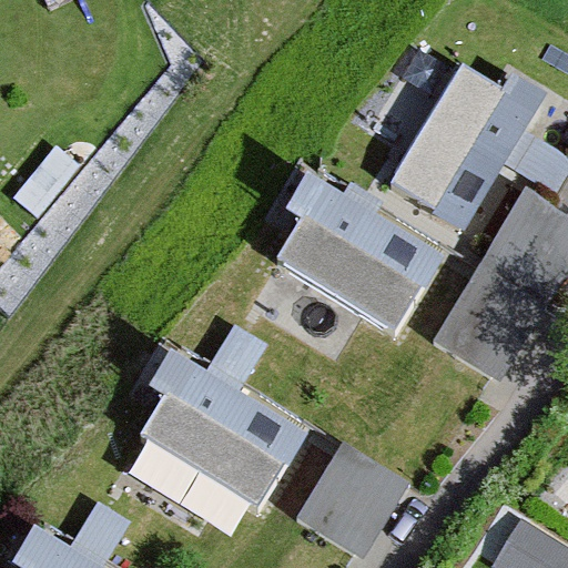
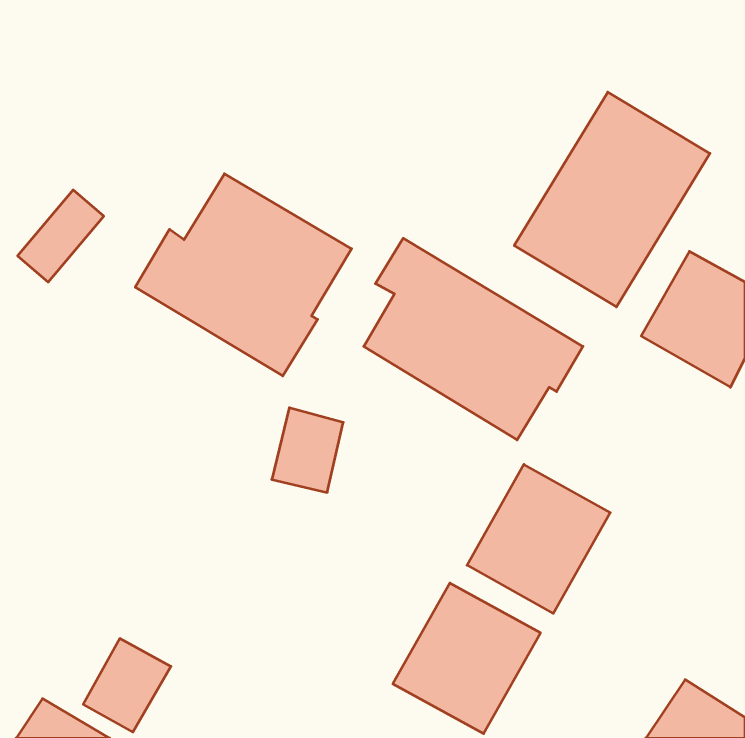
building: none -> [135,174,352,376]
building: [435,266,544,379] -> [467,464,610,613]
building: [139,355,306,508] -> none

